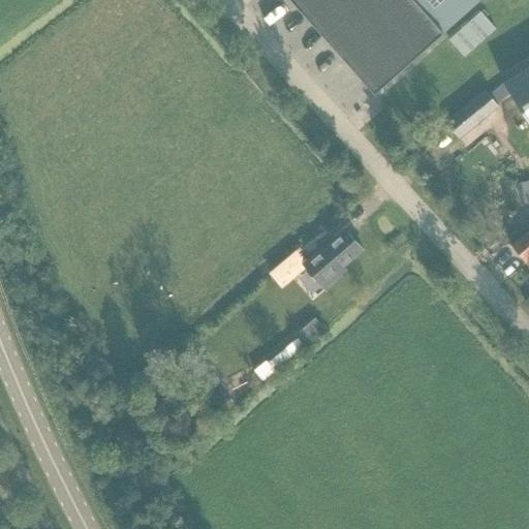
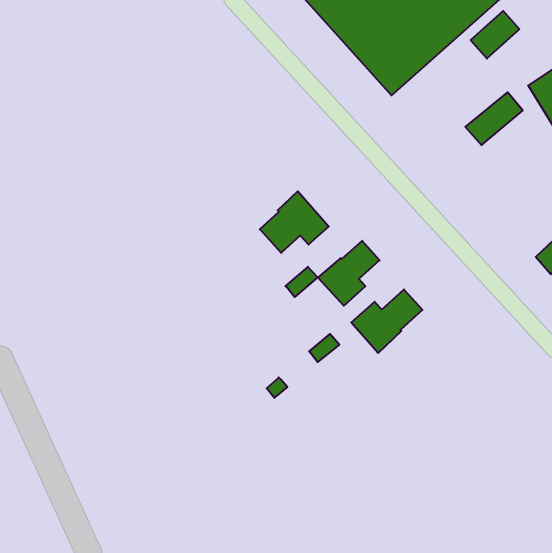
building: none -> [260,191,329,253]
building: none -> [351,289,422,353]

